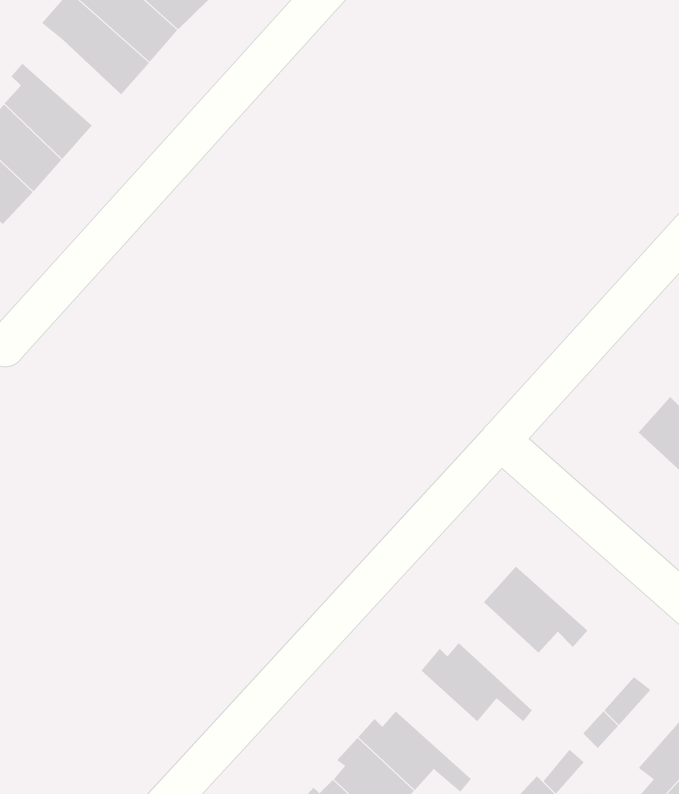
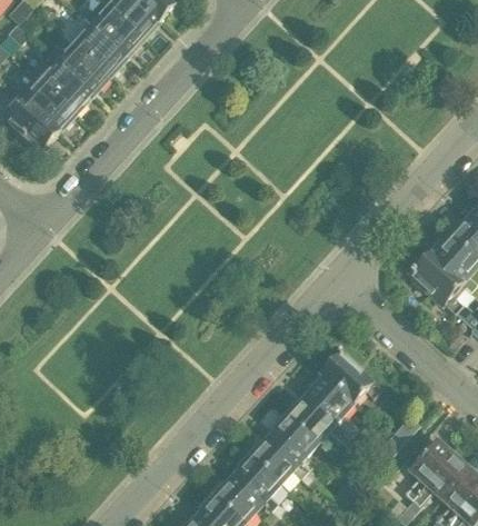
building: none -> [51,44,109,95]
building: none -> [306,373,357,436]
building: none -> [269,413,320,476]

